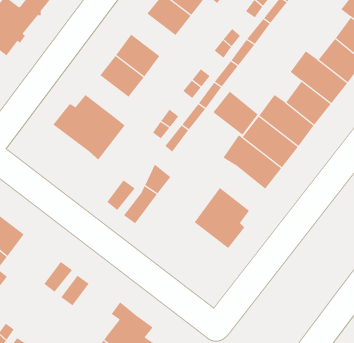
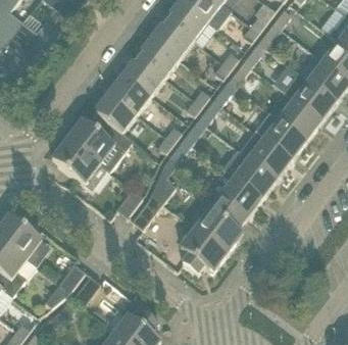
building: none -> [138,38,179,77]
building: none -> [96,94,136,132]
building: [213,91,258,136] -> [218,177,260,217]
building: none -> [51,139,99,190]
building: none -> [180,228,227,275]

